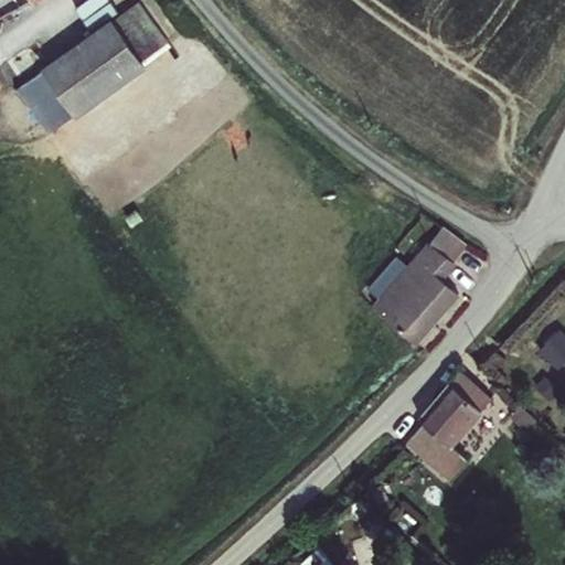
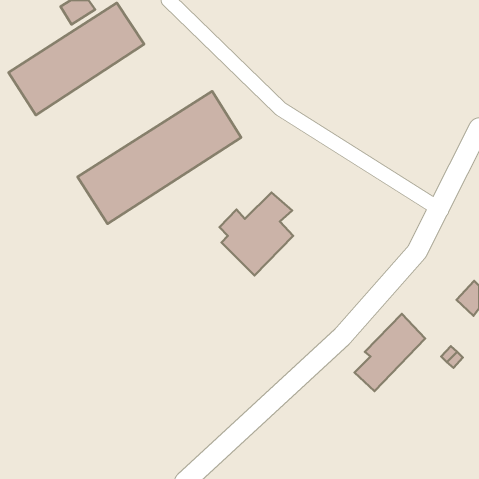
building: none -> [77,91,241,224]
building: [372,243,458,340] -> [219,192,293,275]

